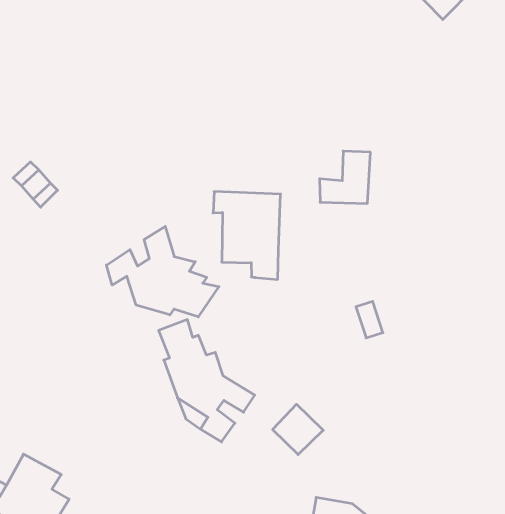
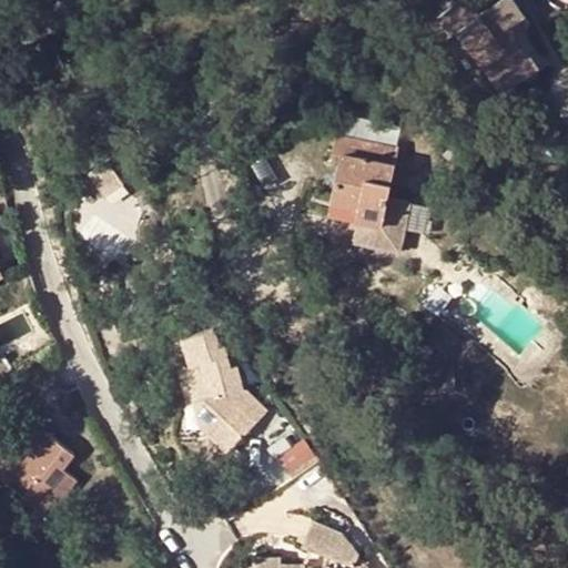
building: [213,192,281,279] -> [334,133,400,226]
building: [106,226,219,317] -> none

